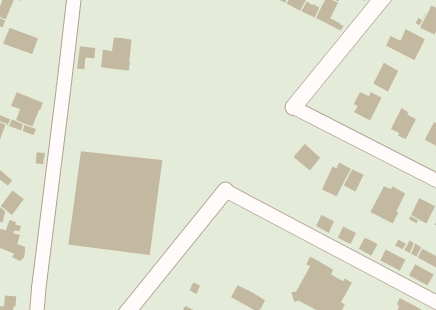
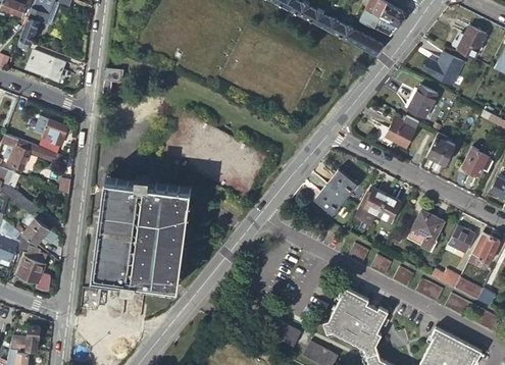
building: [100,37,132,71] -> none
building: none -> [312,184,344,215]

